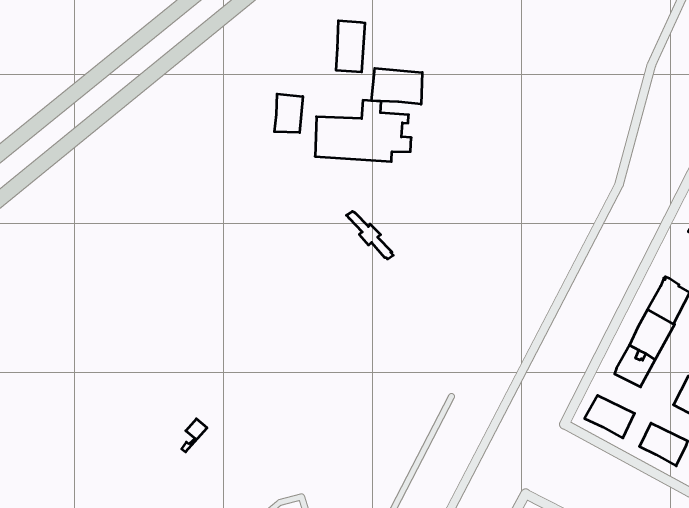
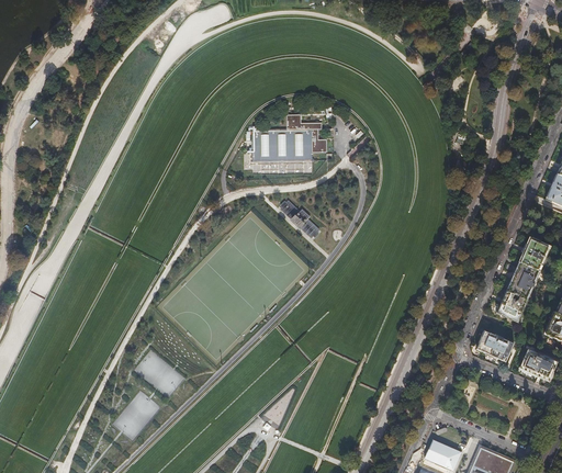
building: [336,21,365,72] -> none
building: [371,68,422,104] -> none
building: [274,94,303,133] -> none

